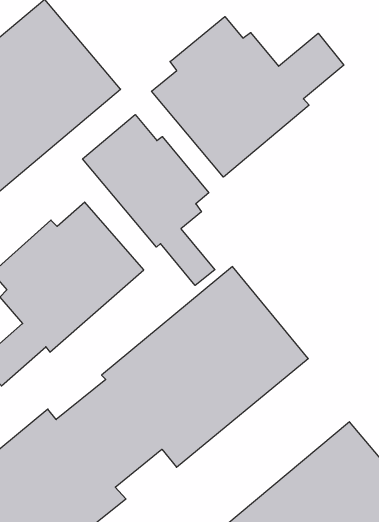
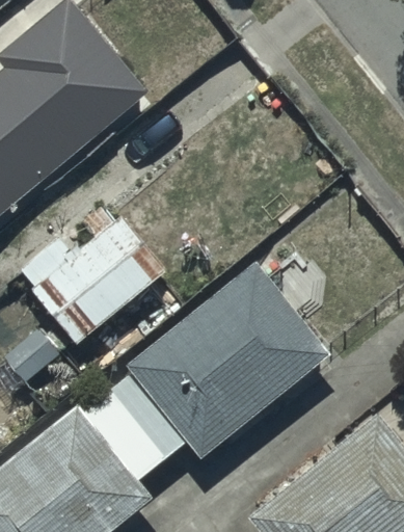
building: [152,17,344,177] -> none
building: [83,115,215,285] -> none

